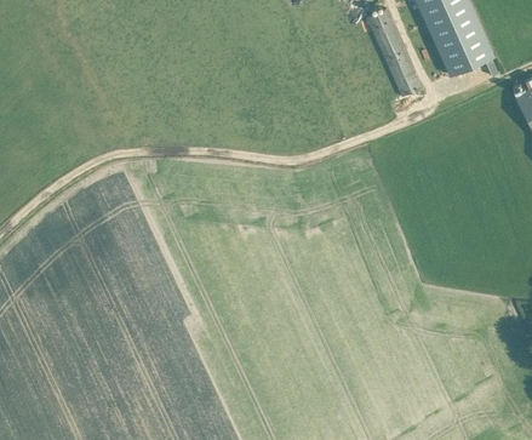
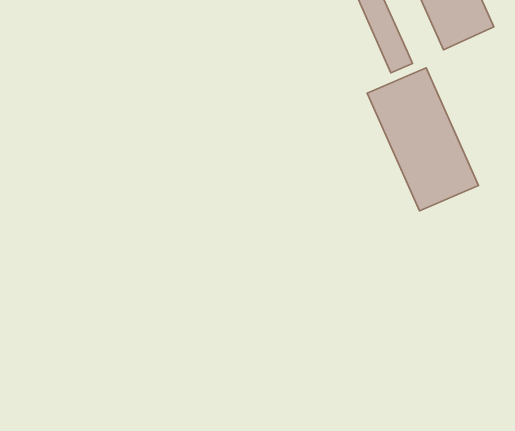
building: none -> [367,68,479,211]

